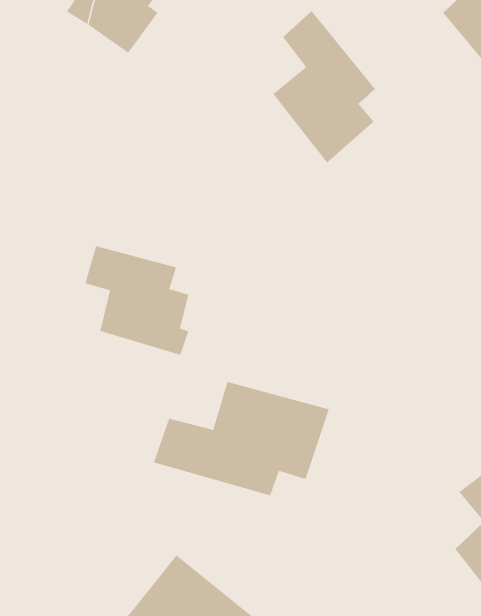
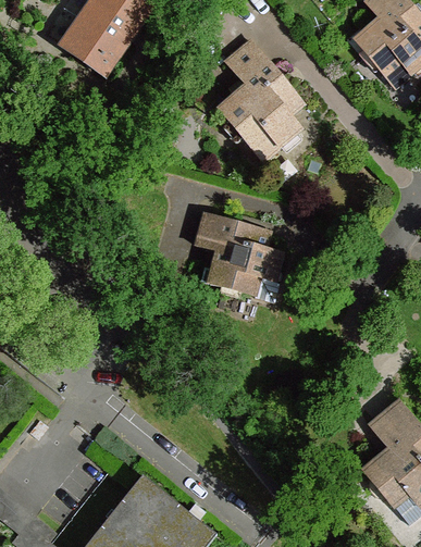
building: [85,246,189,356] -> [195,214,278,302]
building: [153,381,330,496] -> none

